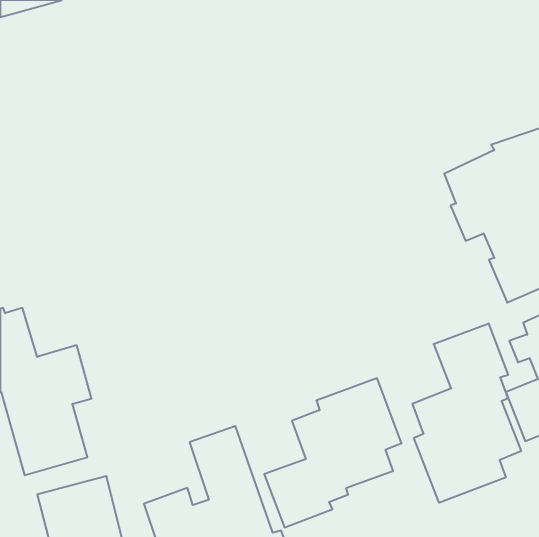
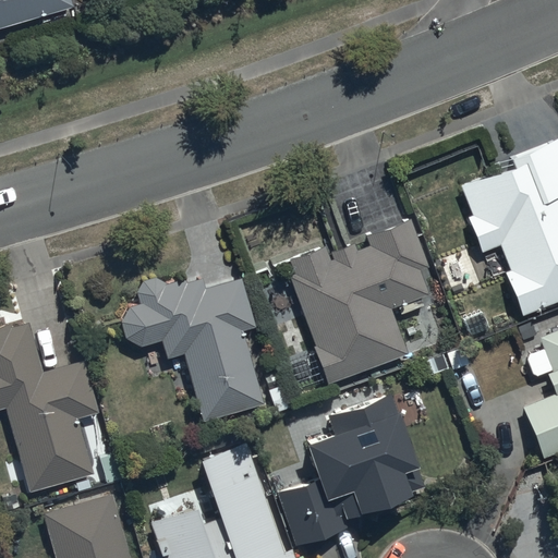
building: none -> [289,221,429,385]
building: none -> [122,279,265,422]
building: [412,323,521,503] -> none

